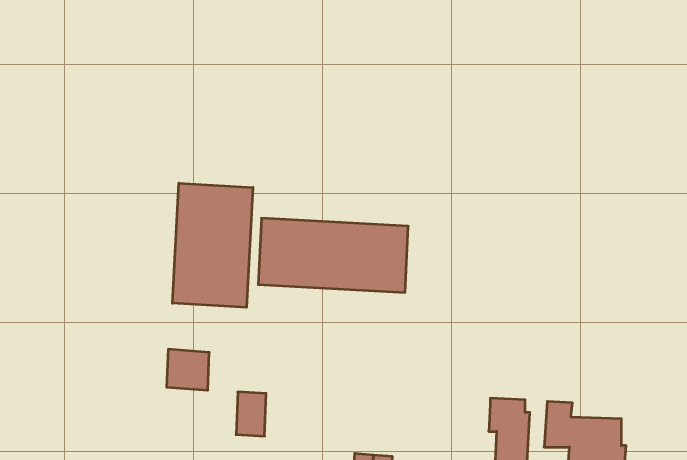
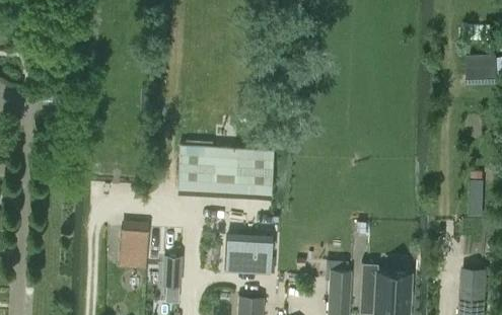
building: [172,183,253,307] -> none
building: none -> [224,239,272,274]

